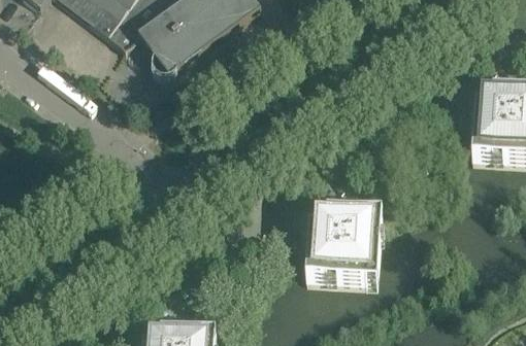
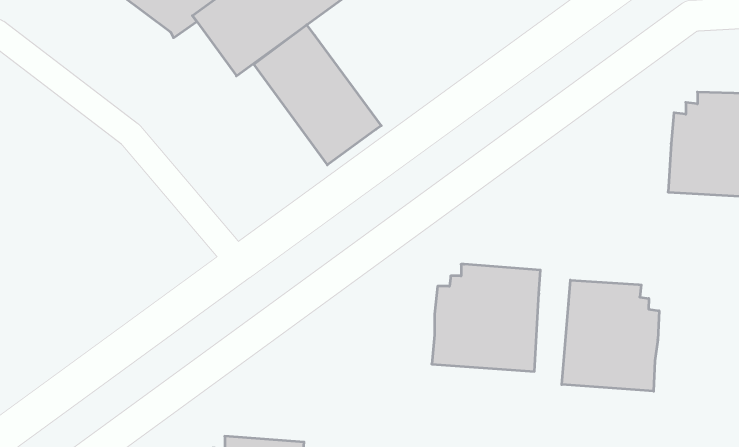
building: none -> [254,25,381,165]
building: none -> [562,280,659,391]

